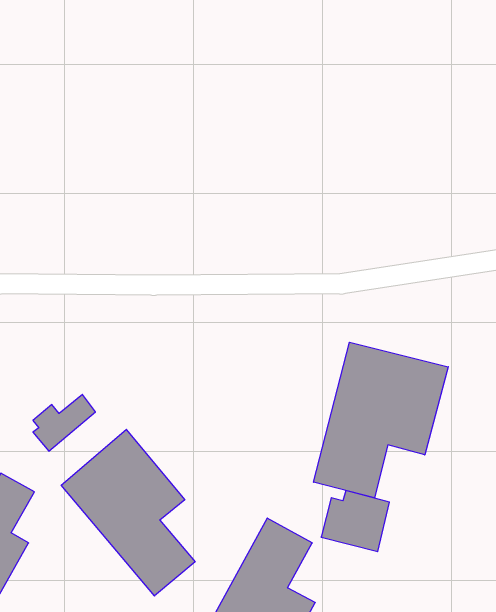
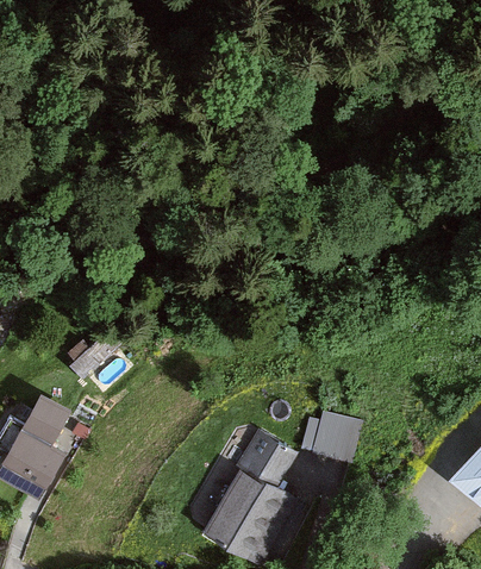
building: [314,342,448,498] -> none
building: [61,429,195,596] -> none

